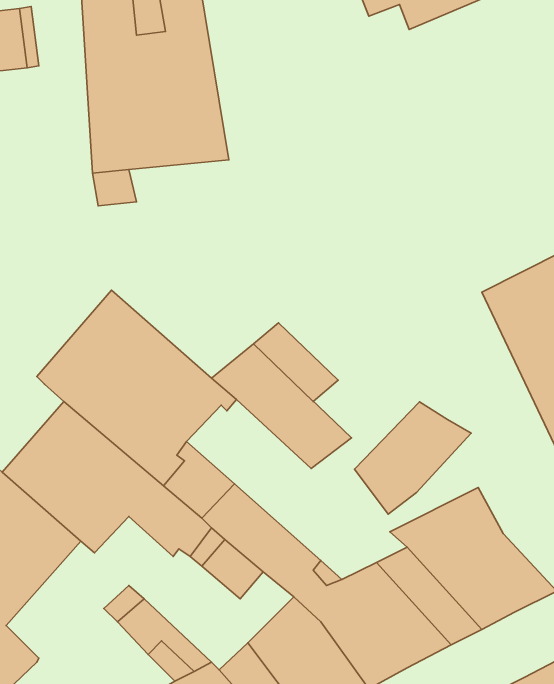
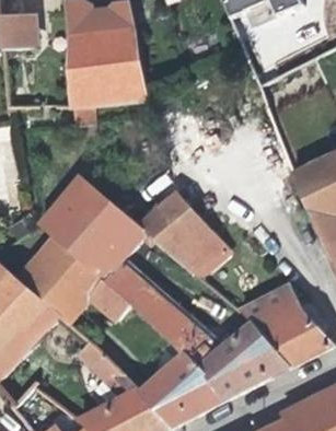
building: [355,402,471,514] -> none

